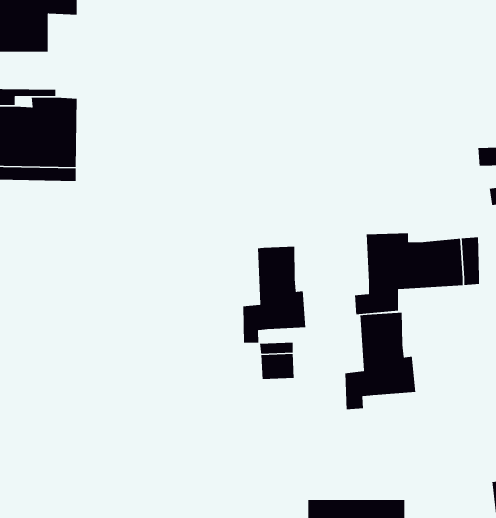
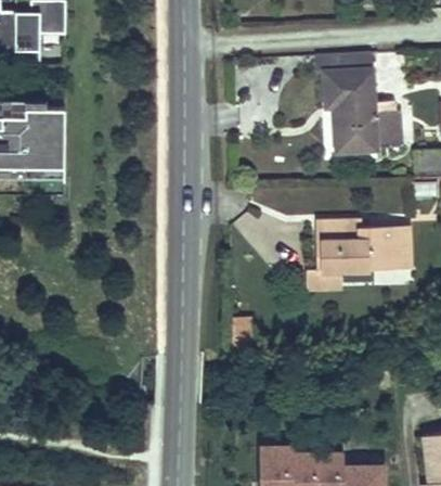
building: none -> [315,55,394,149]
building: [242,246,306,344] -> none
building: [344,312,416,410] -> none

